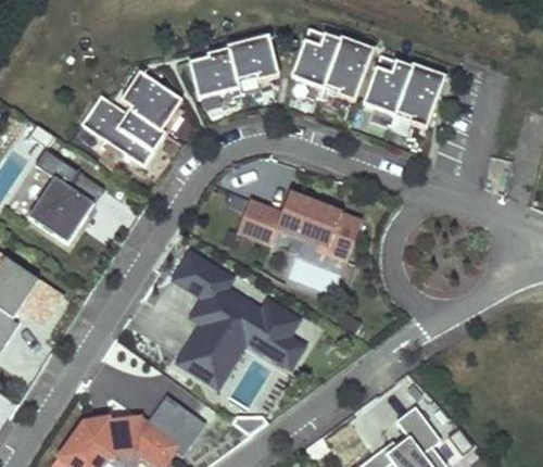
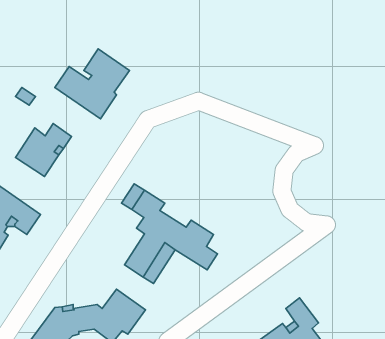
building: [292,28,376,102] -> none
building: [190,34,280,98] -> none
building: [364,55,446,128] -> none
building: [237,194,362,262] -> none

